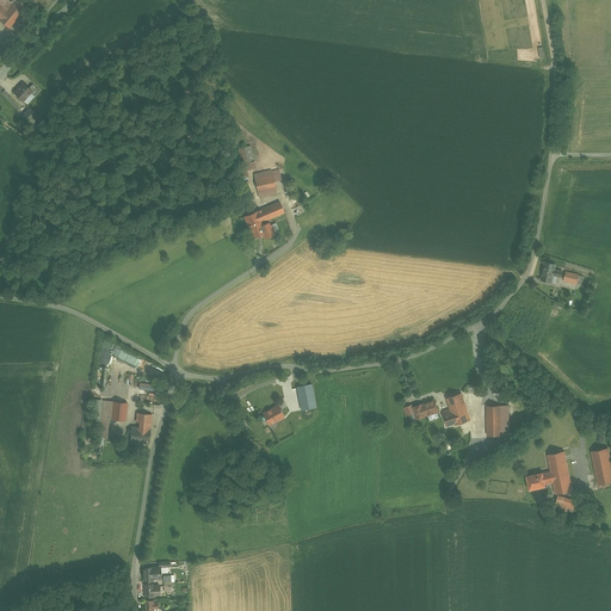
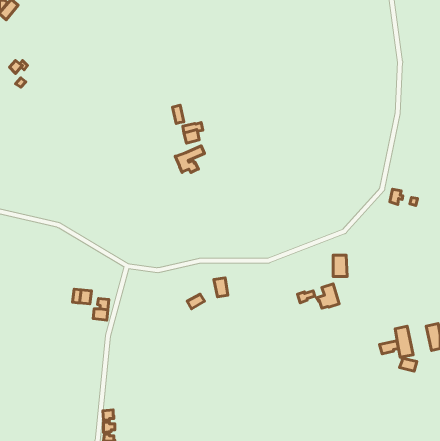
building: [486,406,505,436] -> [333,255,347,277]

